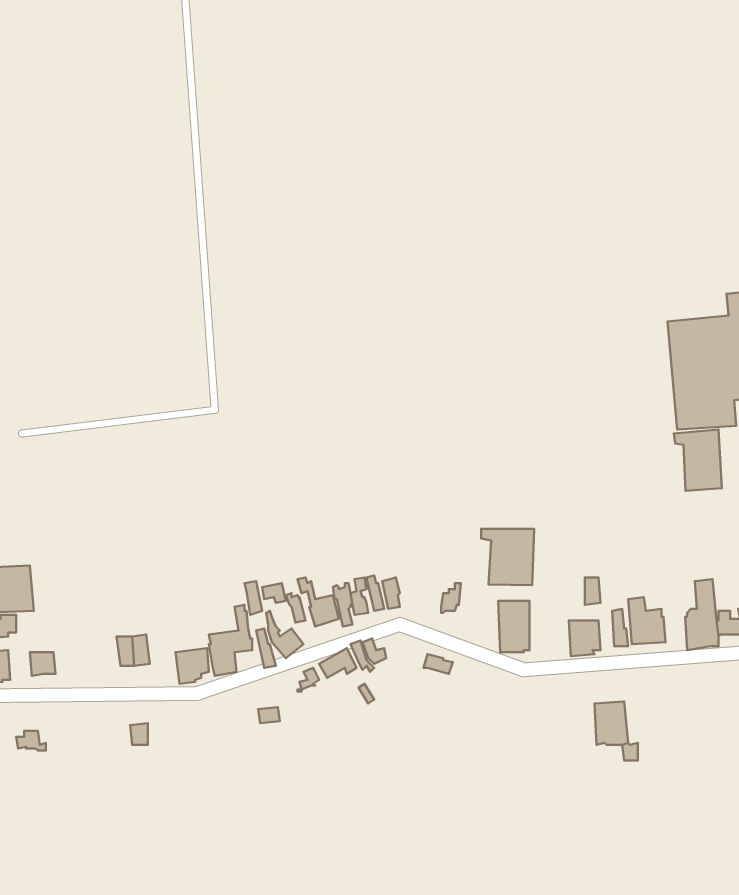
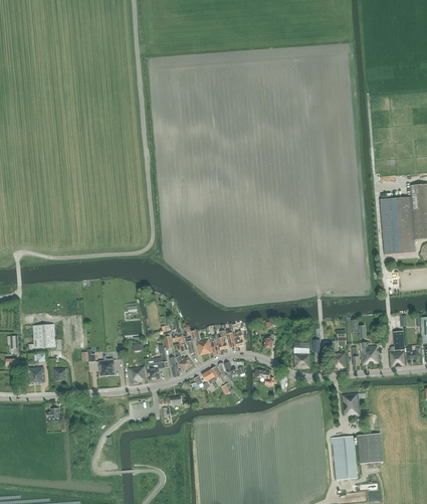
building: [674,429,722,491] -> none
building: [481,529,534,585] -> none
building: none -> [331,433,383,480]

